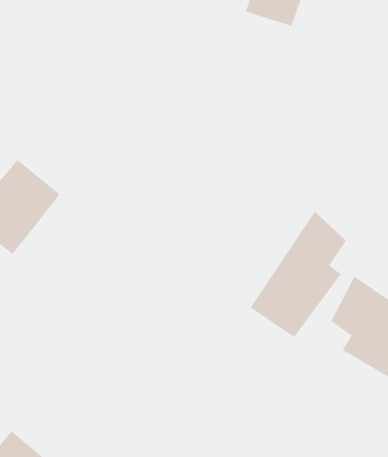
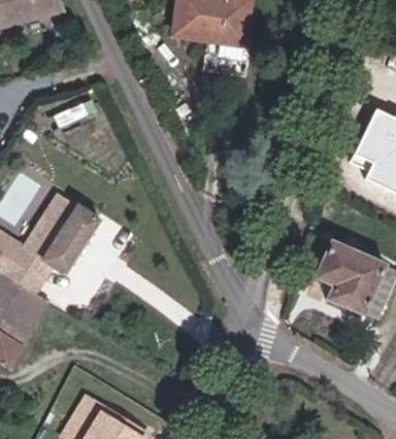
building: [250,211,346,338] -> none

